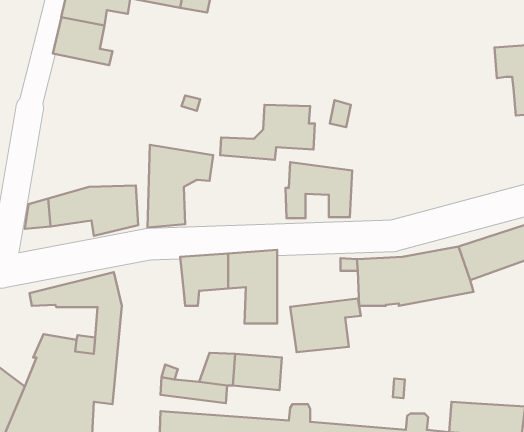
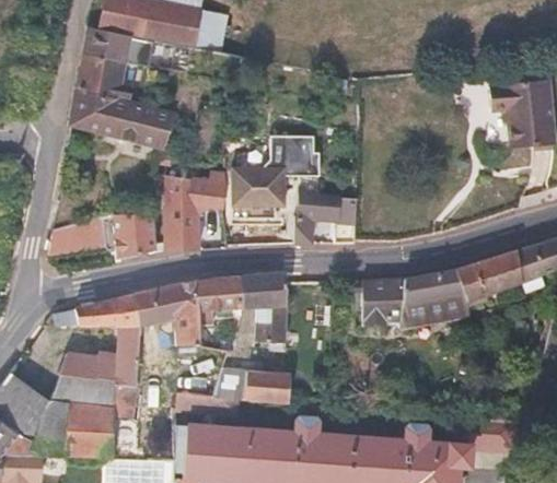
building: none -> [69,90,175,149]
building: none -> [230,185,283,226]
building: none -> [132,280,199,346]
building: [290,298,361,352] -> none

